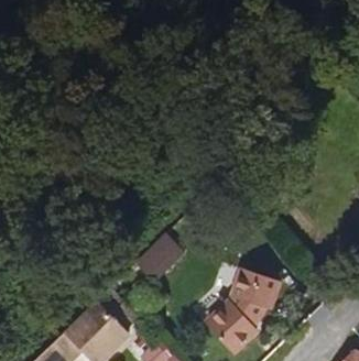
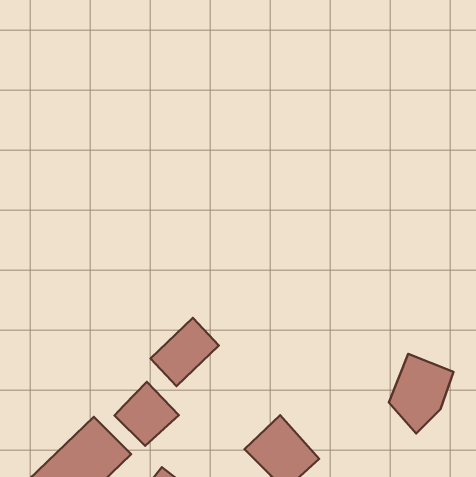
building: [225,265,269,319] -> [389,354,454,433]
building: none -> [114,382,179,446]

